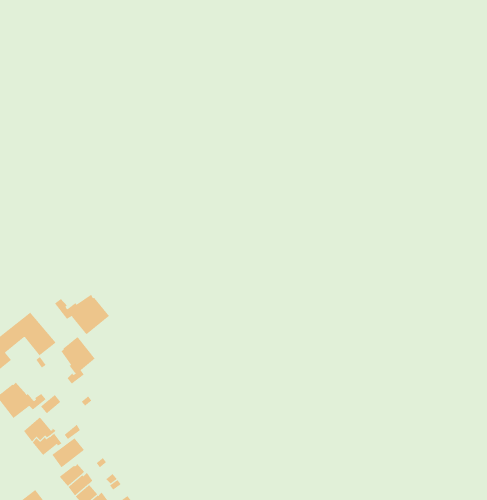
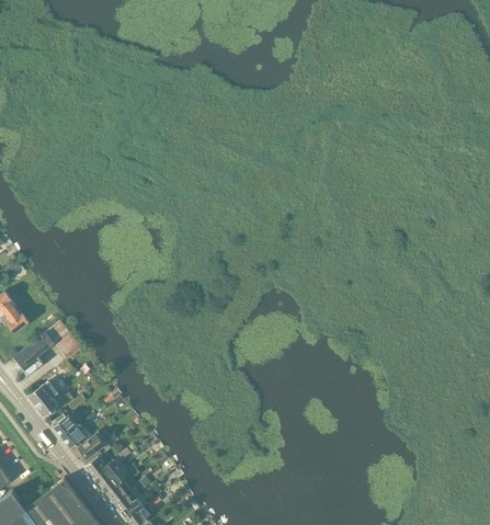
building: [54,294,110,335] -> none
building: [60,336,96,385] -> none

